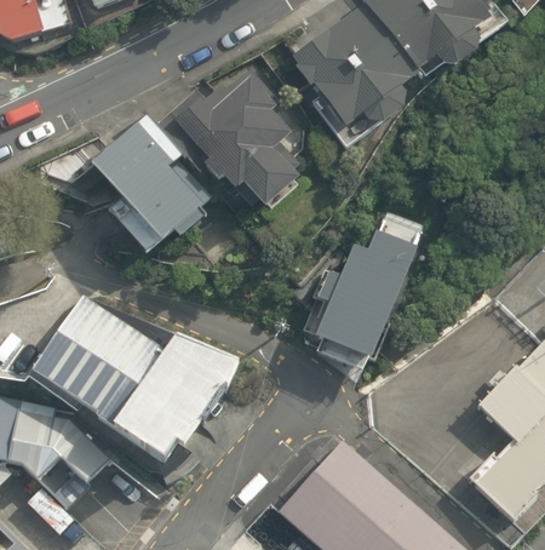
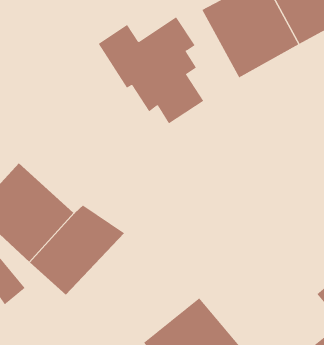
building: [93,131,223,258] -> none
building: [302,211,419,369] -> none

